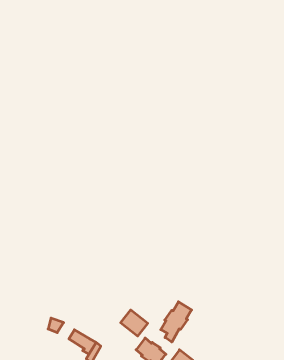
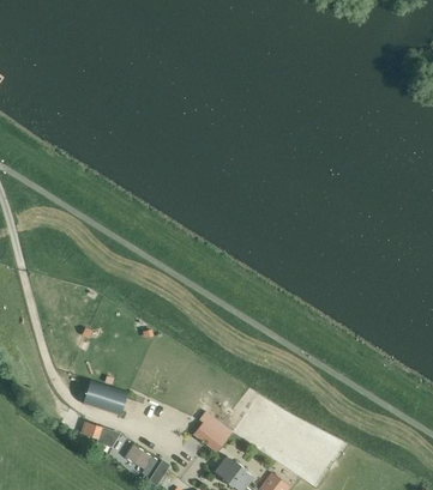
building: none -> [83,380,128,416]
building: [161,302,192,342] -> none

